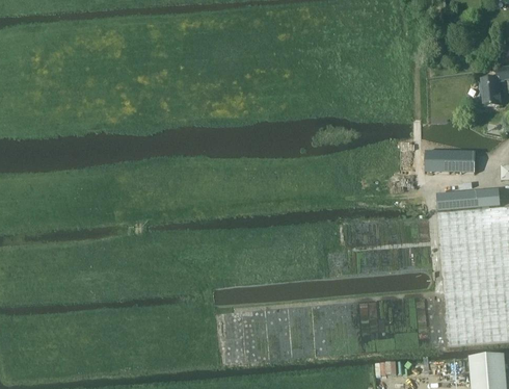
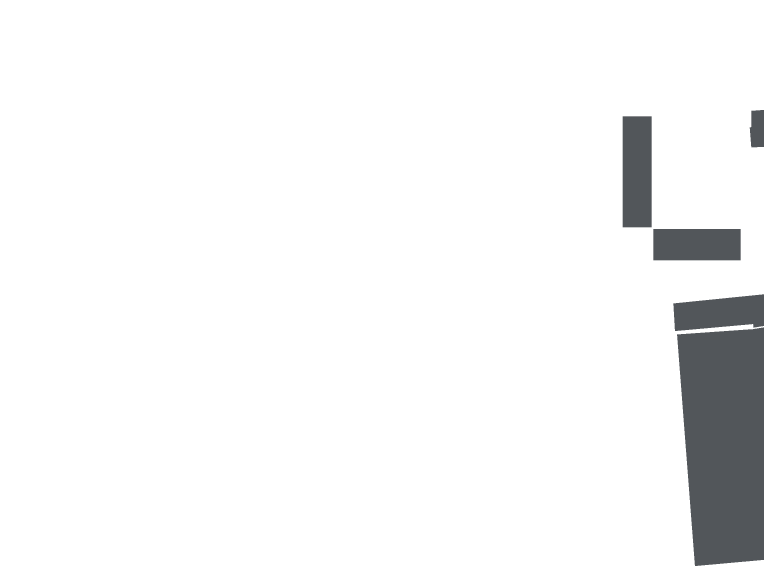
building: none -> [622,116,652,228]

